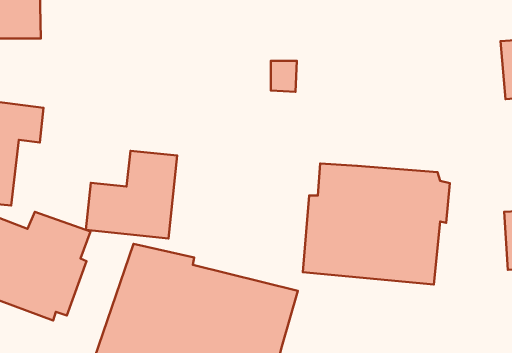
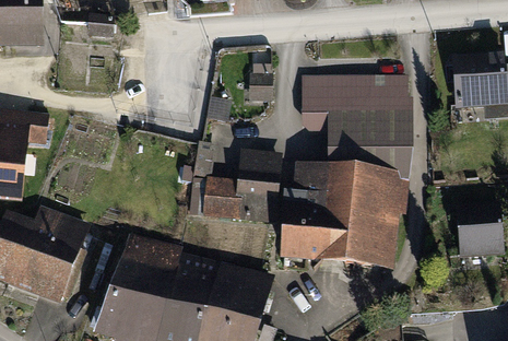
building: none -> [300,74,412,181]
building: [86,151,177,239] -> [201,148,282,225]

